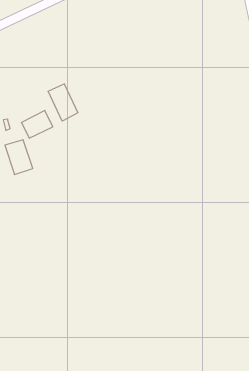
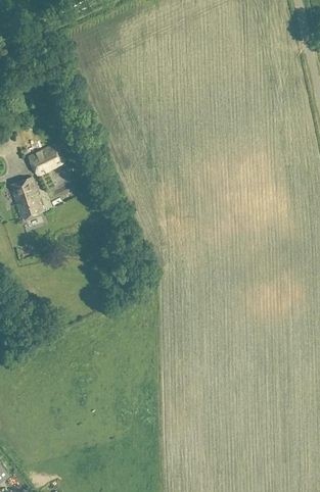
building: [48,84,78,121] -> none

